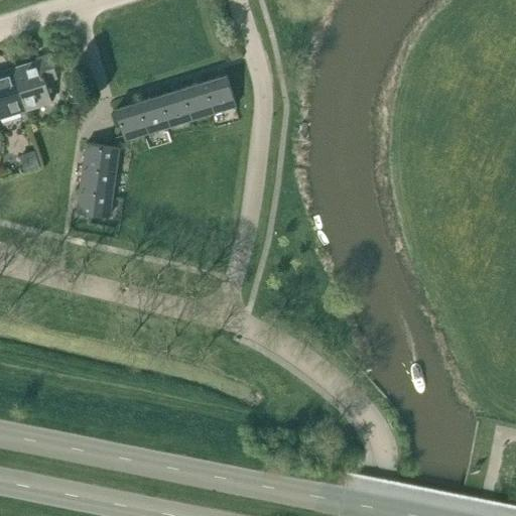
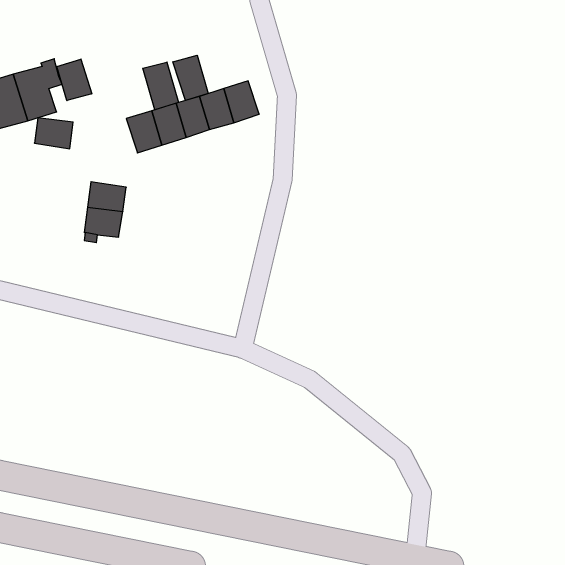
building: none -> [173,55,208,100]
building: none -> [57,59,92,101]
building: none -> [143,62,178,110]
building: [83,143,118,171] -> [34,118,73,149]

